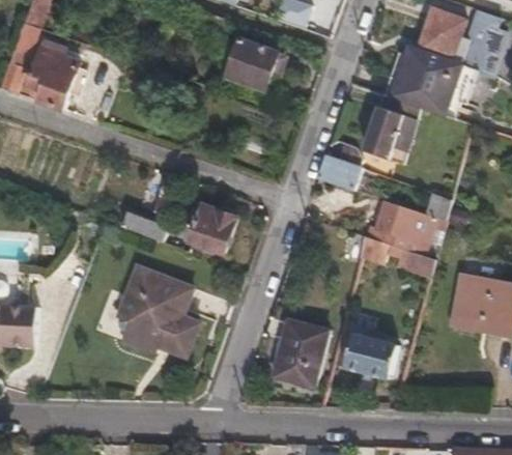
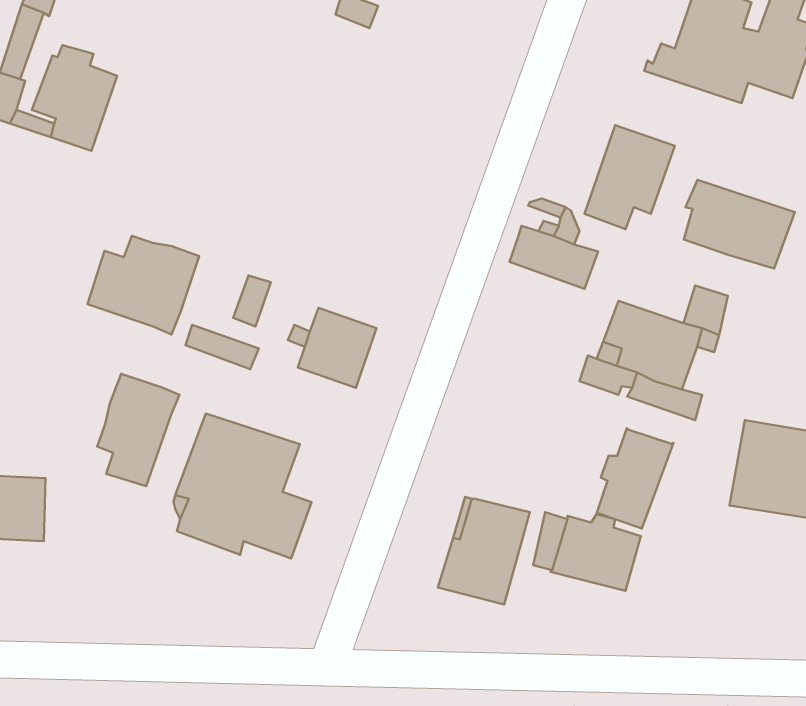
building: [222,37,278,91] -> none
building: [391,61,458,115] -> [684,180,795,269]
building: none -> [87,236,199,334]
building: none -> [97,374,179,486]
building: none -> [597,428,674,528]

